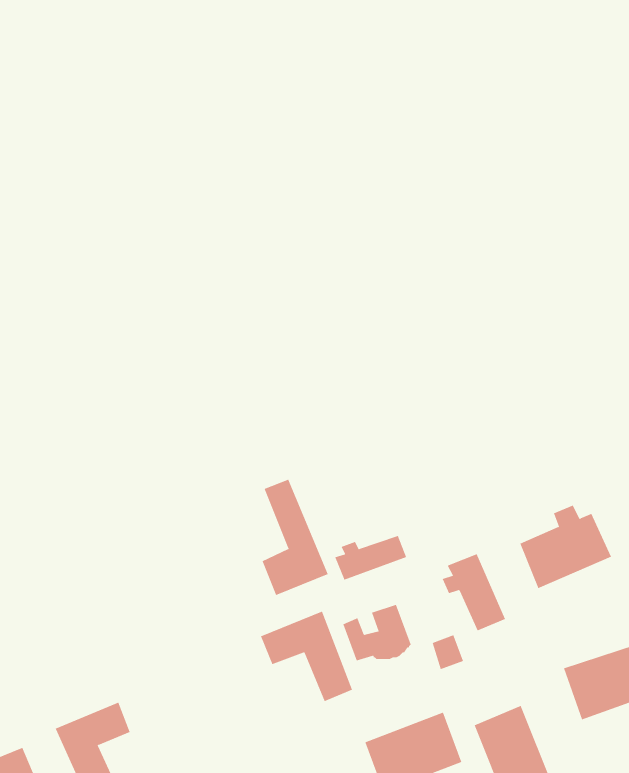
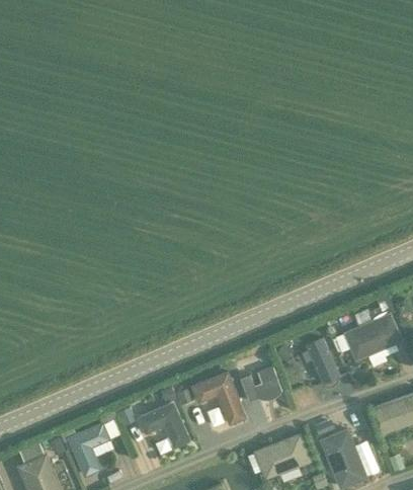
building: [262,479,329,596] -> none
building: [334,535,407,580] -> none
building: none -> [137,402,190,448]

